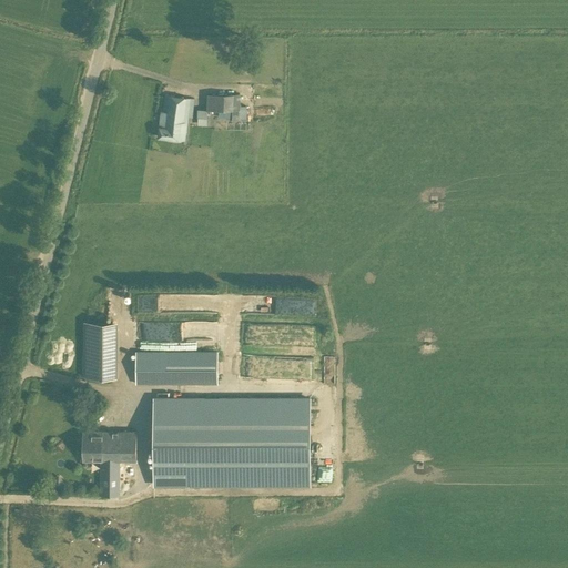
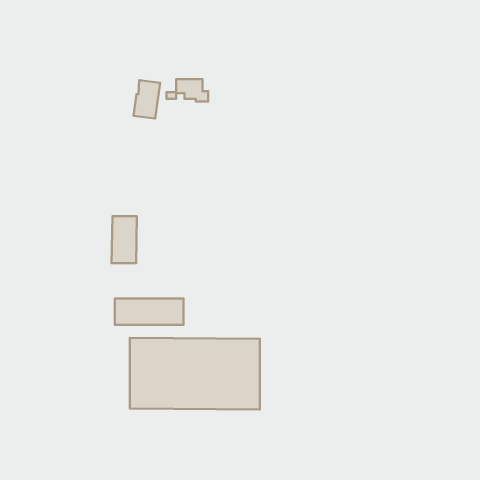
building: [82,322,112,377] -> [112,216,137,263]
building: [82,432,135,495] -> none

